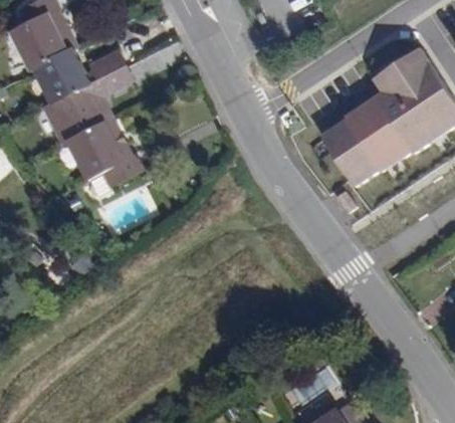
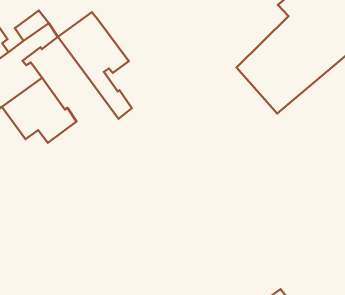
building: none -> [58,12,132,119]

